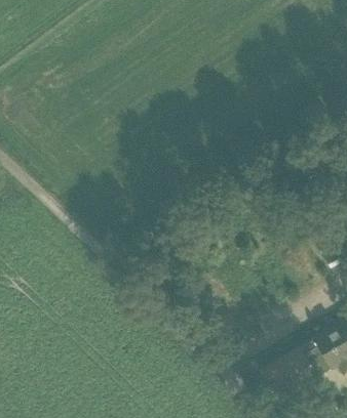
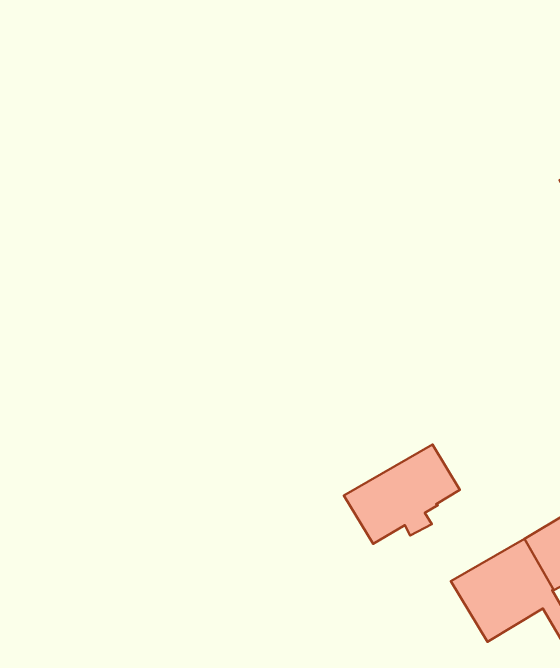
building: none -> [344,445,460,544]

